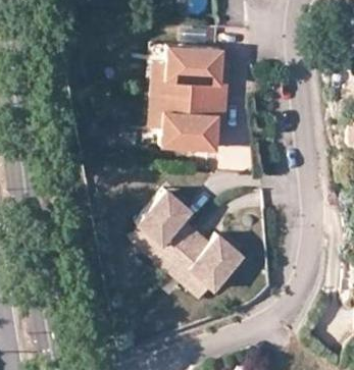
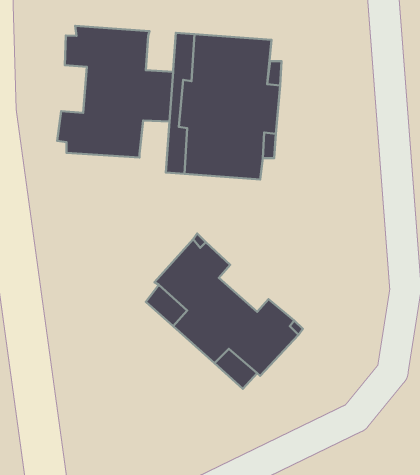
building: none -> [57,26,173,157]

